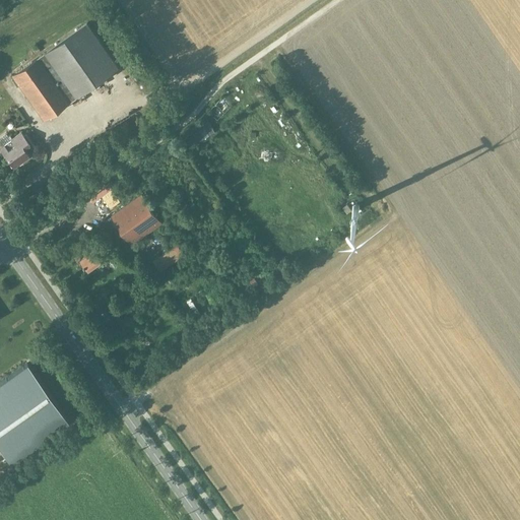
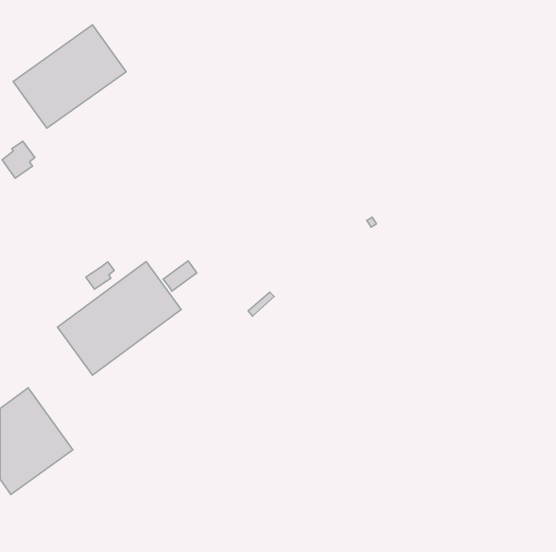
building: [112,196,161,246] -> none
building: none -> [58,262,181,375]

